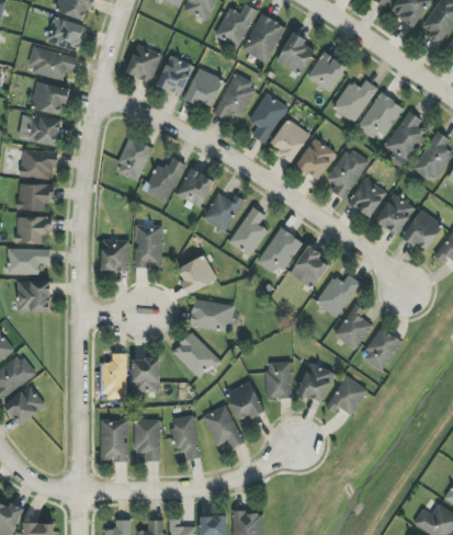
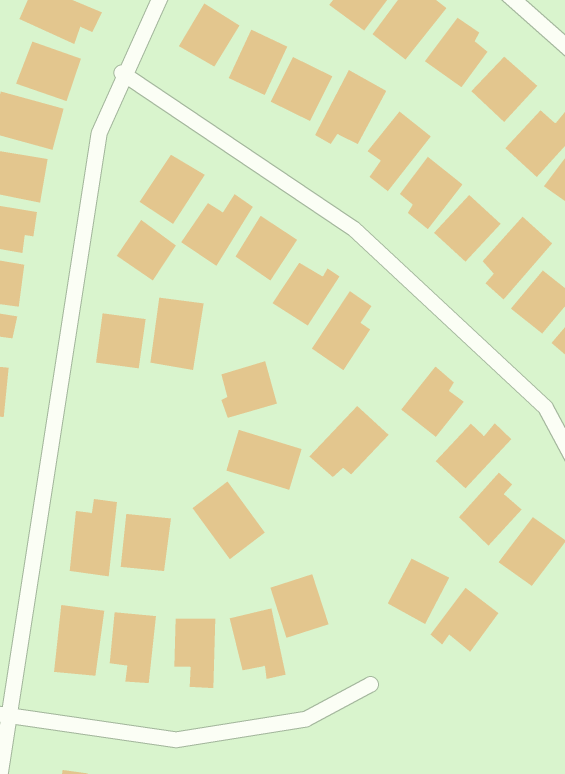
building: none -> [116,219,177,281]
building: [256,227,303,273] -> [309,405,389,478]
building: [265,362,293,398] -> none

